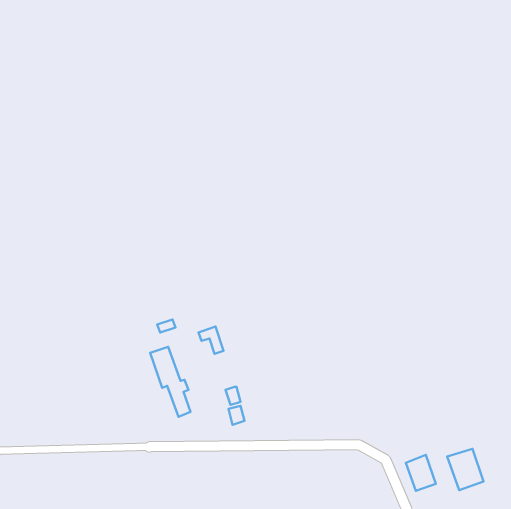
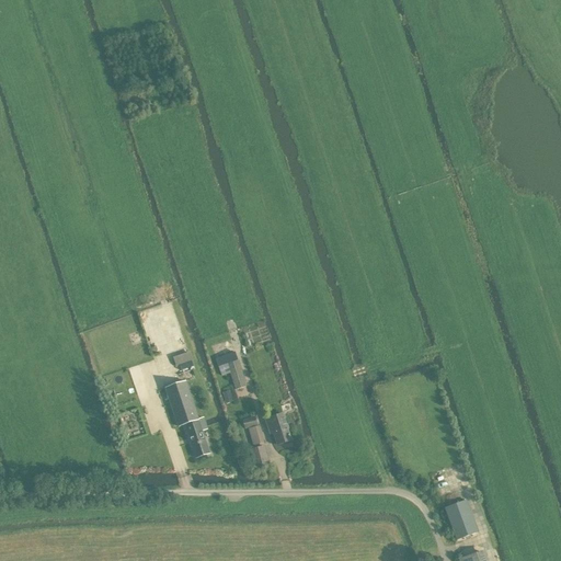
building: none -> [265,412,290,443]
building: [447,449,484,490] -> none

